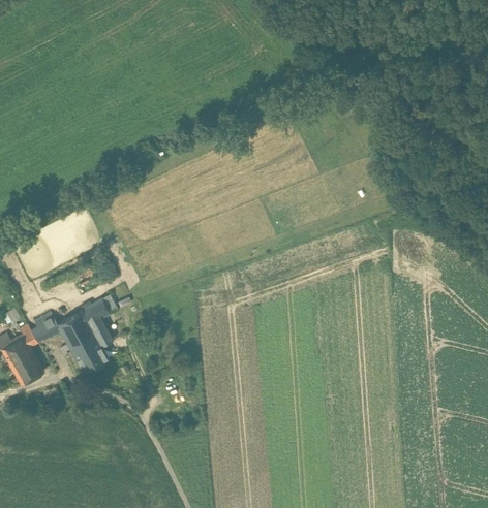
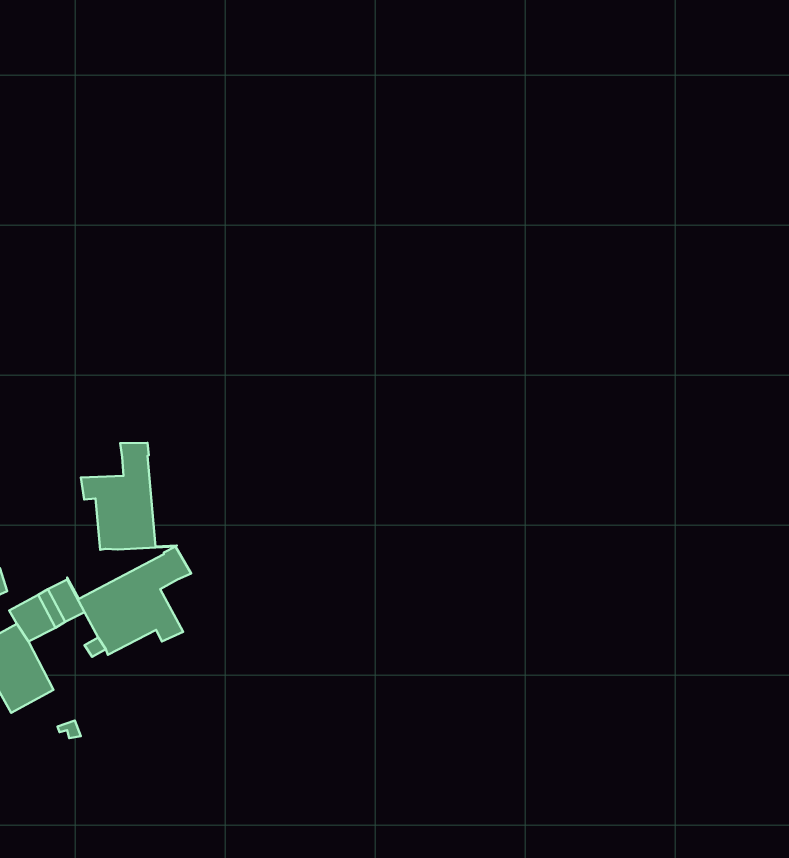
building: none -> [81,443,177,550]
building: [73,340,111,374] -> none

